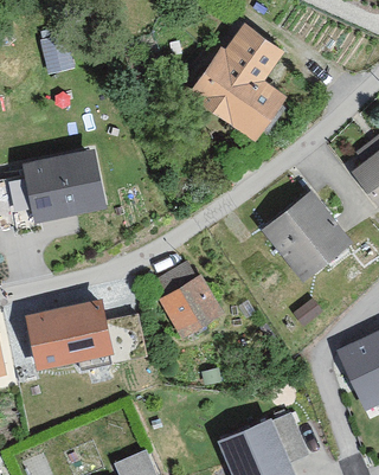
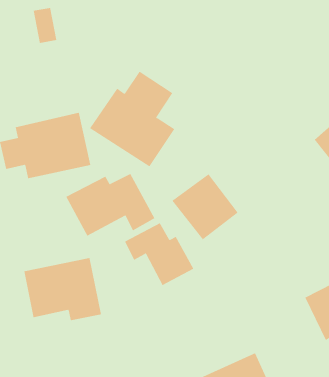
building: [190,27,285,135] -> [89,71,175,167]
building: [266,198,341,272] -> [172,173,238,240]
building: none -> [66,173,155,237]

